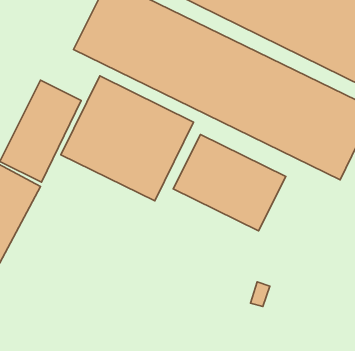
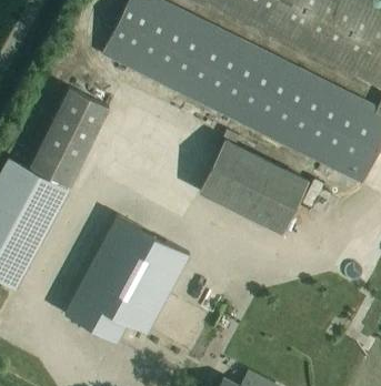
building: [61,76,194,201] -> none
building: none -> [66,214,191,342]

